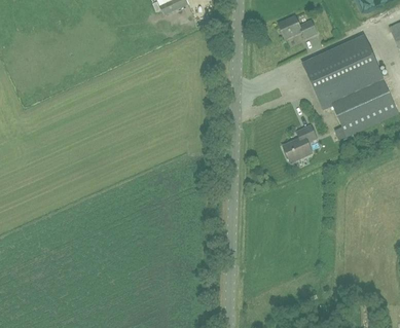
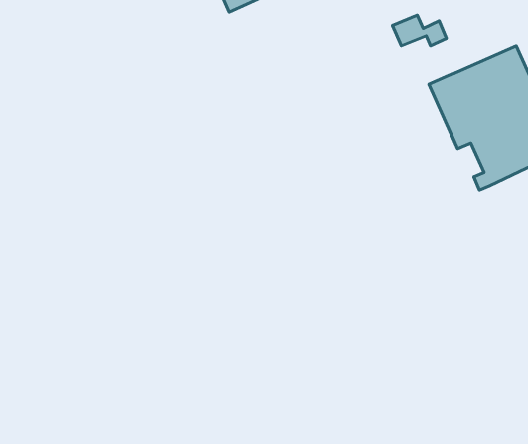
building: [283,124,316,161] -> none

